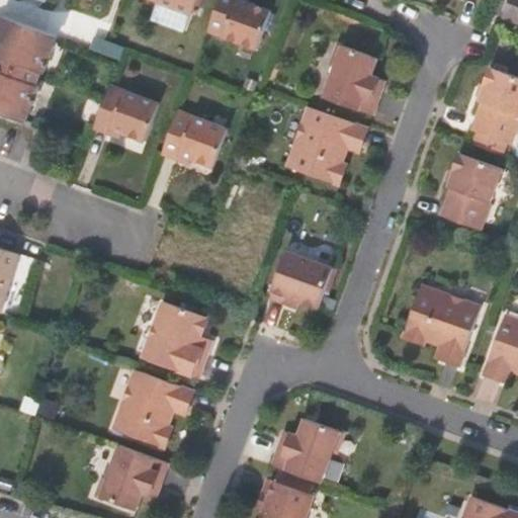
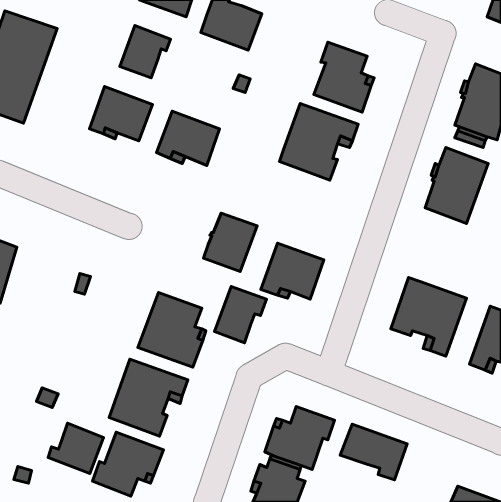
building: none -> [120,25,171,78]
building: none -> [204,213,257,271]
building: none -> [215,286,266,343]
building: none -> [48,423,103,473]
building: none -> [340,424,407,480]

